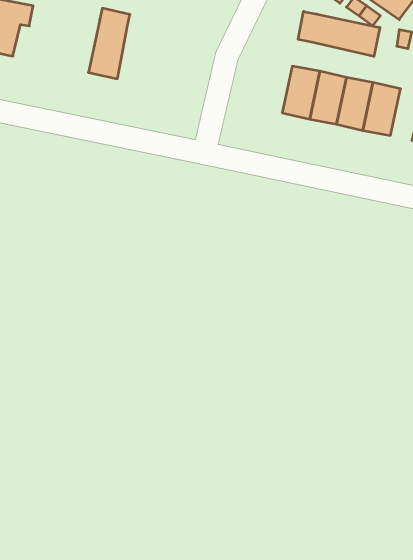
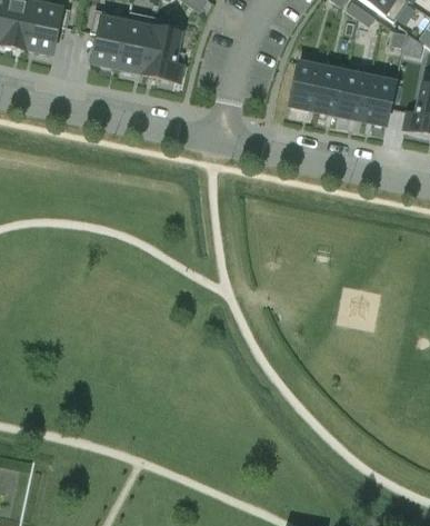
building: none -> [89,9,130,68]
building: [298,11,380,56] -> none
building: none -> [143,17,182,81]

